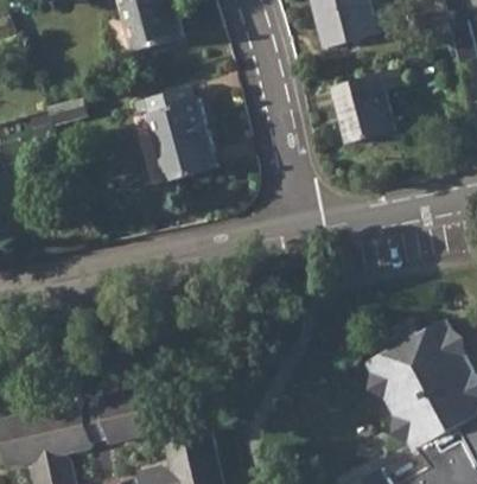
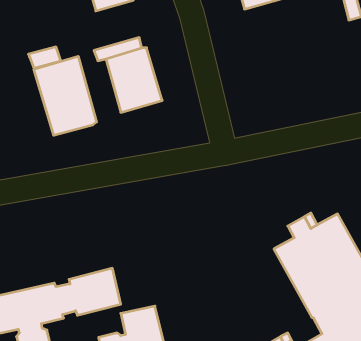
building: [331,69,401,144] -> none
building: none -> [34,56,97,135]

